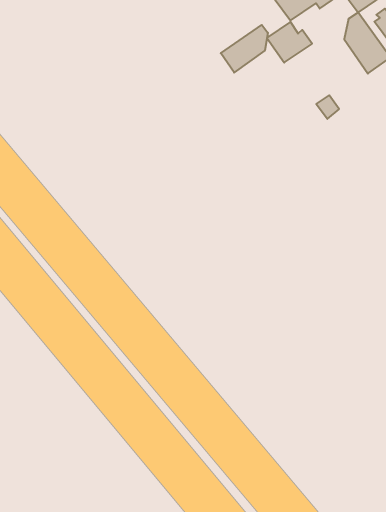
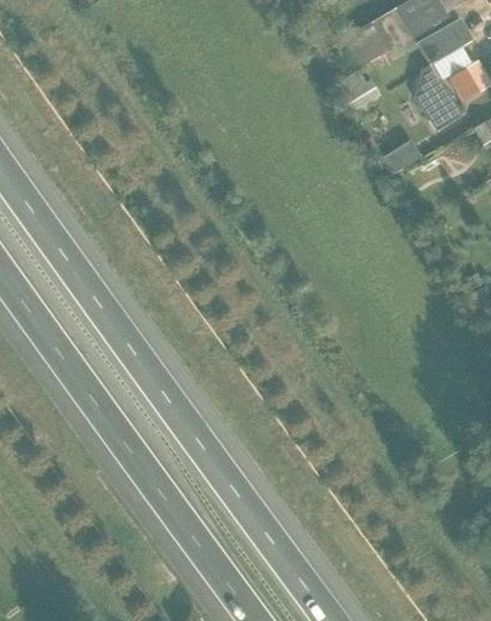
building: [221,25,268,73] -> none

